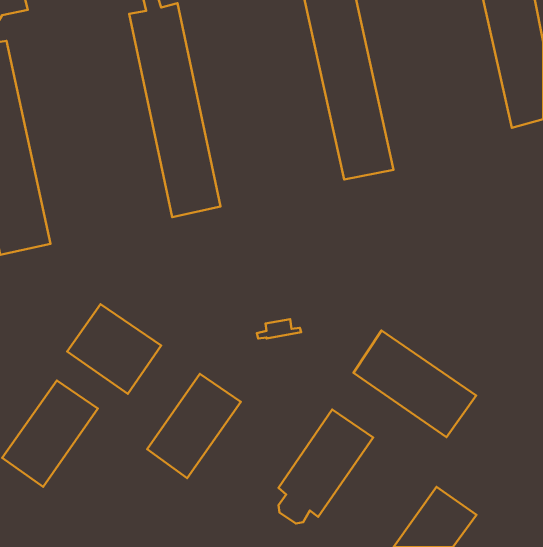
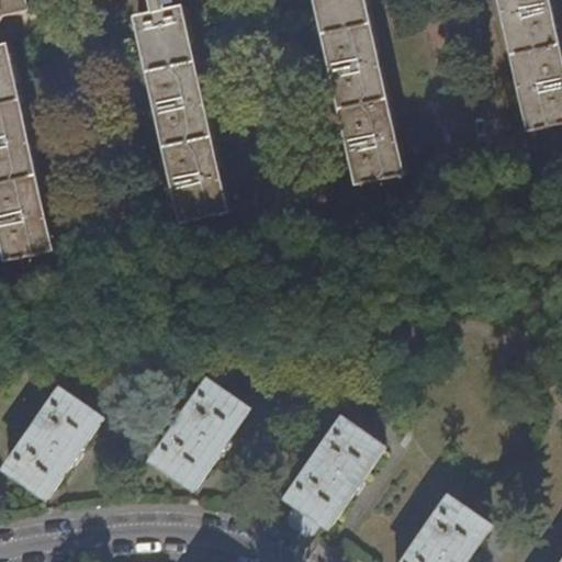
building: [67,304,161,394] -> none
building: [354,331,476,437] -> none

